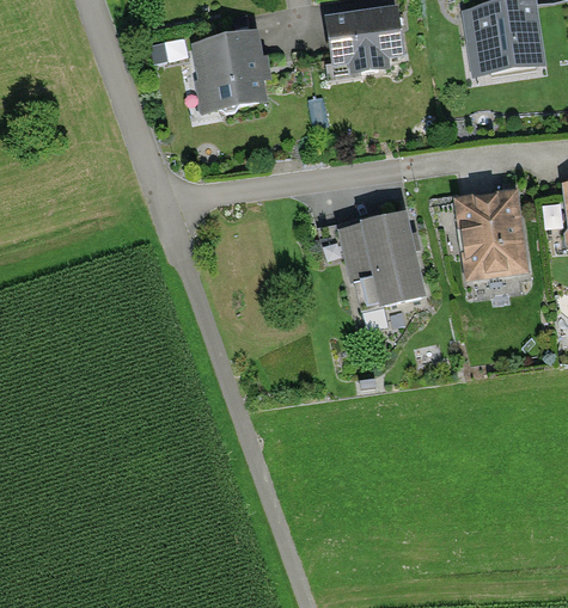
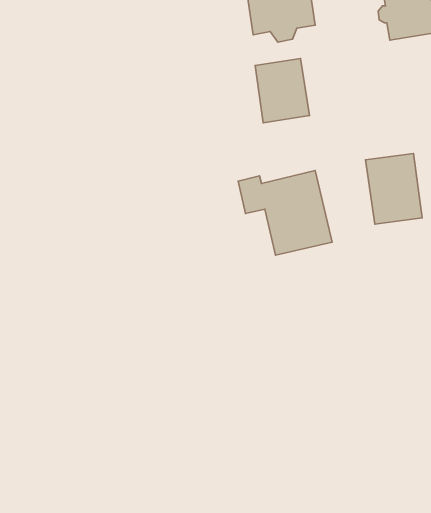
building: [199,33,262,108] -> none
building: none -> [255,59,309,123]

